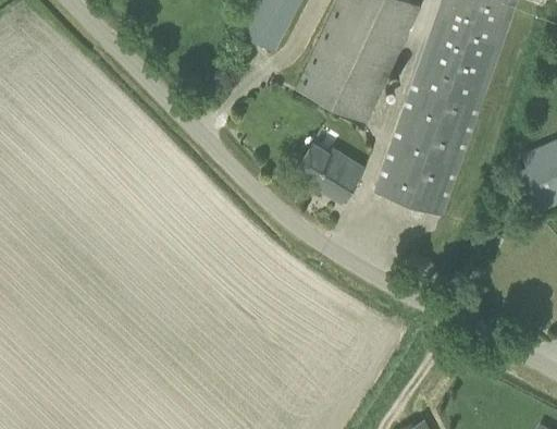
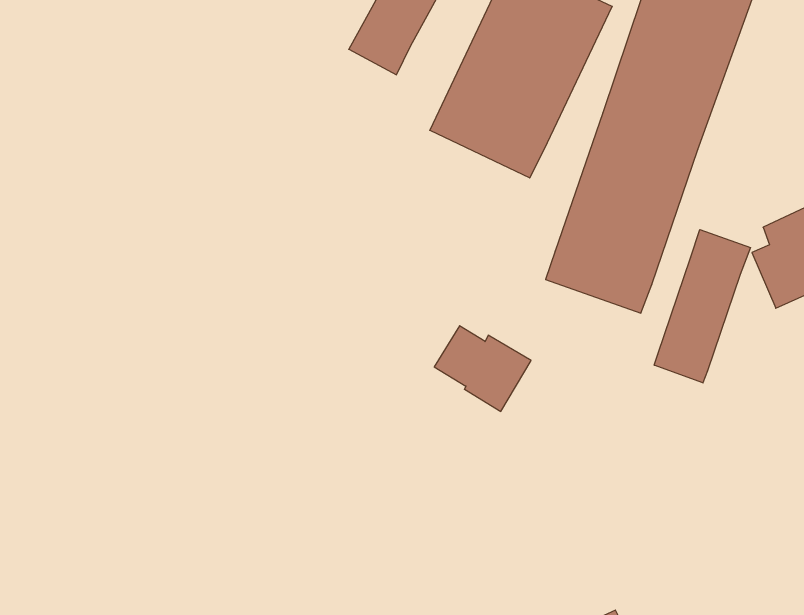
building: [295,143,361,201] -> [434,326,531,411]
building: none -> [654,230,751,383]

